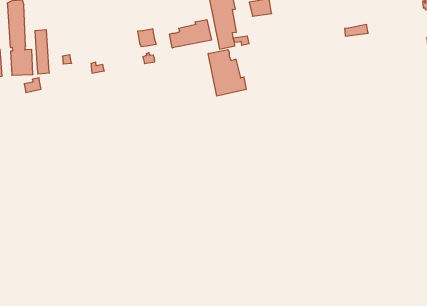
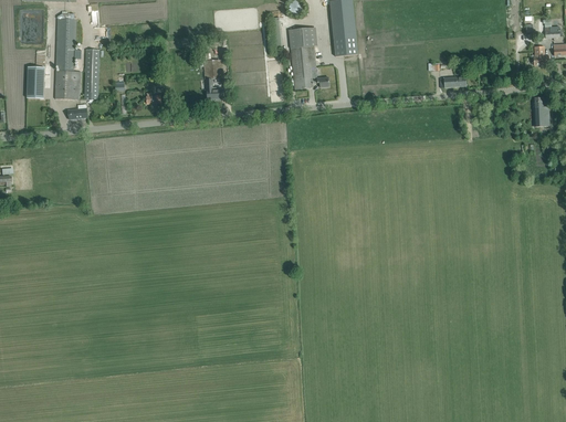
building: [170,20,212,48] -> none
building: [208,50,246,96] -> none

